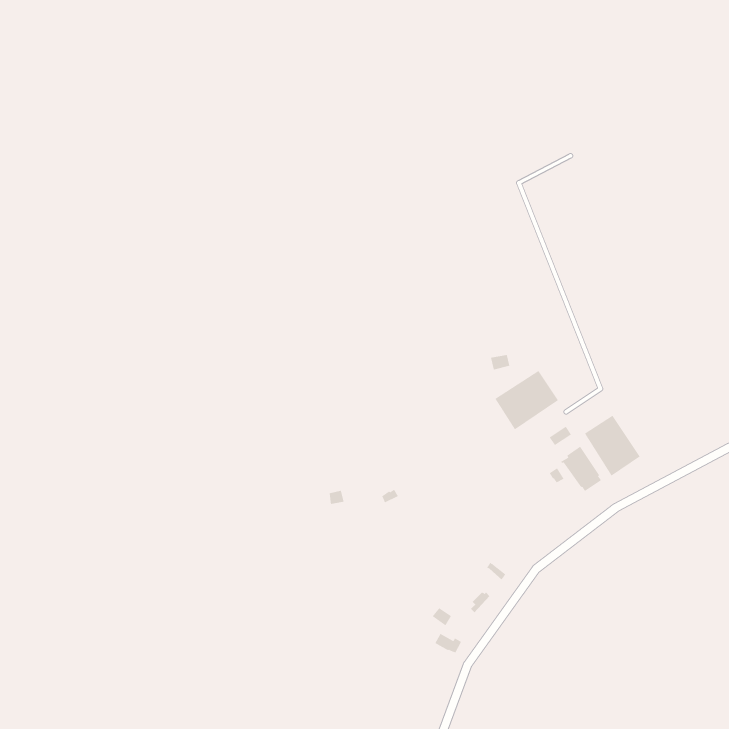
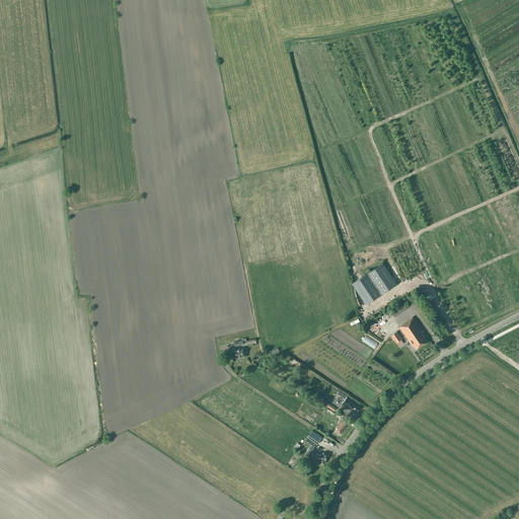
building: [584,415,641,476] -> none

